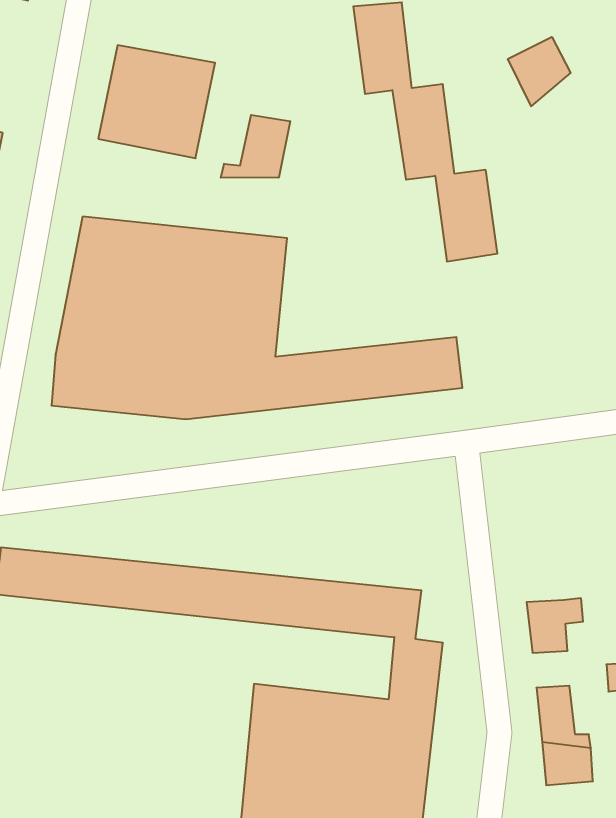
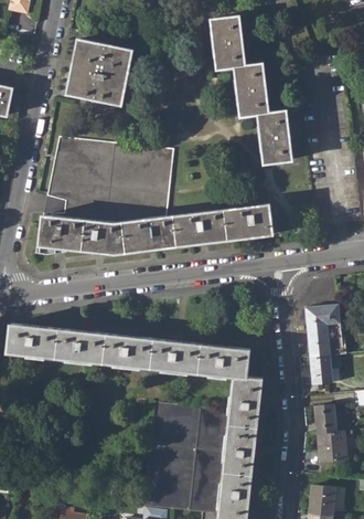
building: [508,37,571,106] -> none
building: [221,115,290,178] -> none
building: none -> [304,304,342,356]

